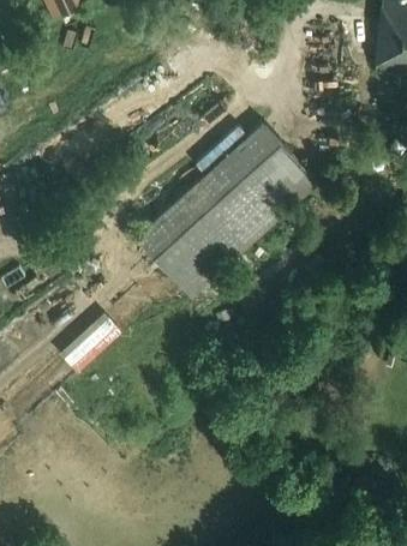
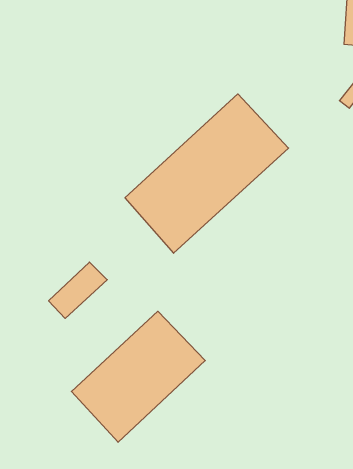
building: none -> [71,311,205,442]

